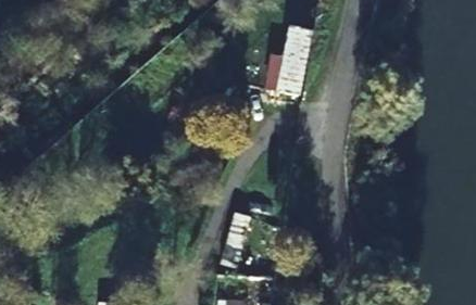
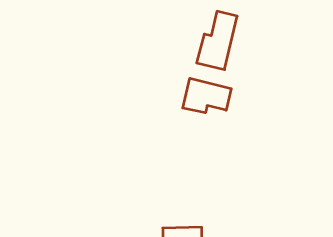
building: none -> [183,78,231,113]

